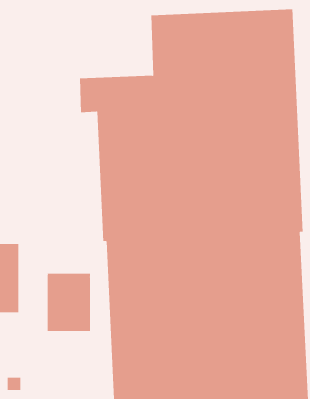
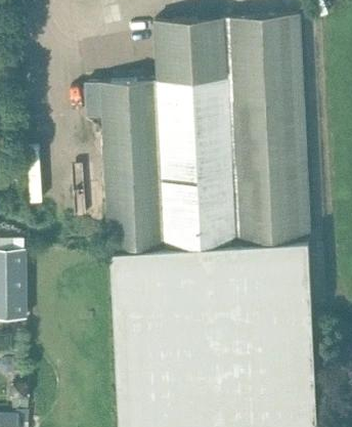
building: [47,273,90,332] -> none

